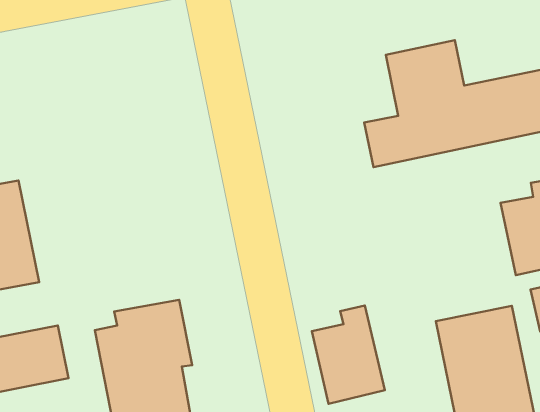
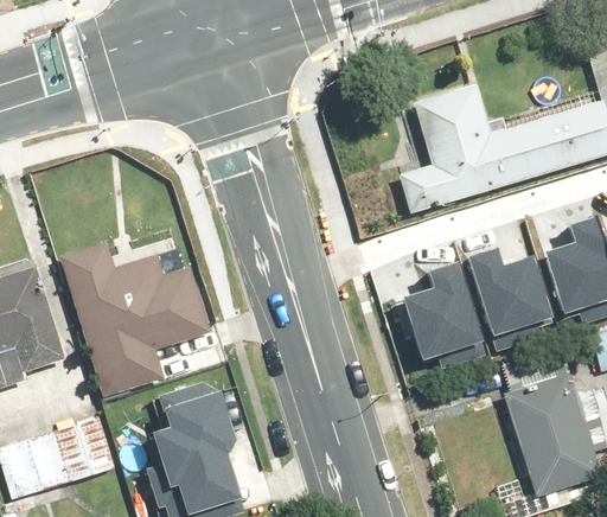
building: none -> [56,242,215,401]
building: none -> [467,248,555,343]
building: [312,306,385,404] -> [402,260,484,365]

